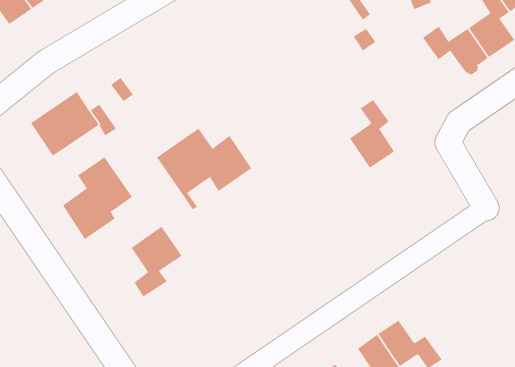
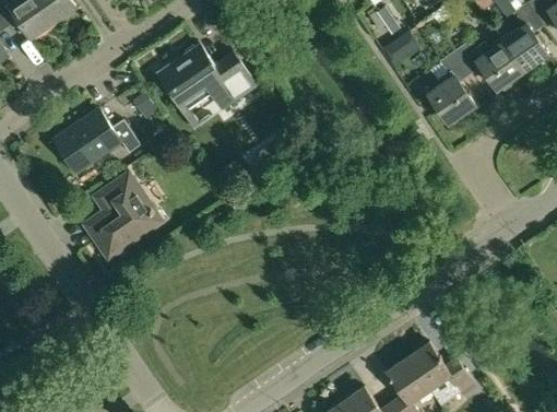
building: [349,99,395,169] -> [427,54,474,125]
building: [156,128,252,210] -> [156,45,254,129]
building: [131,226,182,298] -> none

